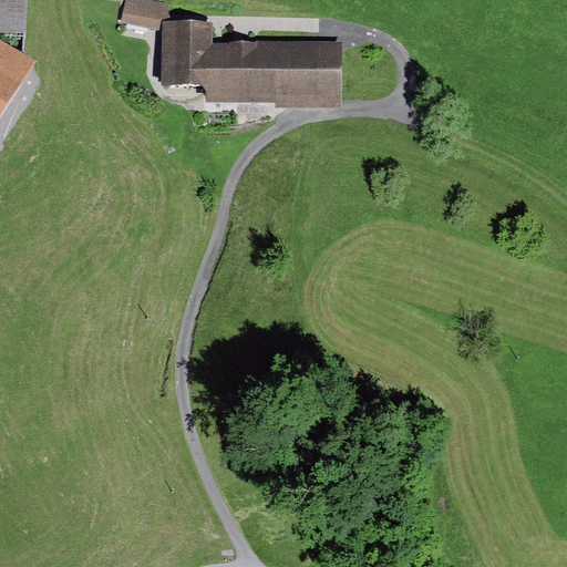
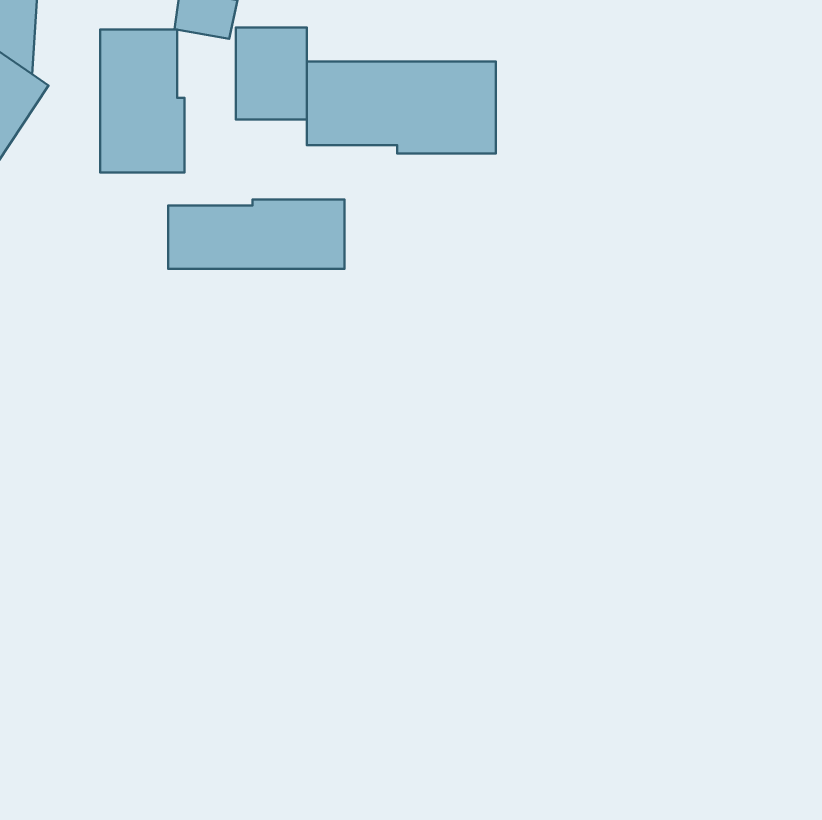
building: none -> [100,30,185,172]
building: none -> [168,200,345,269]

